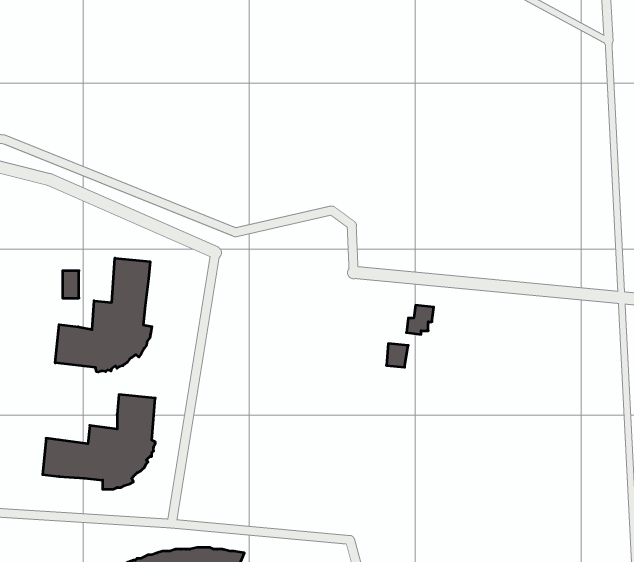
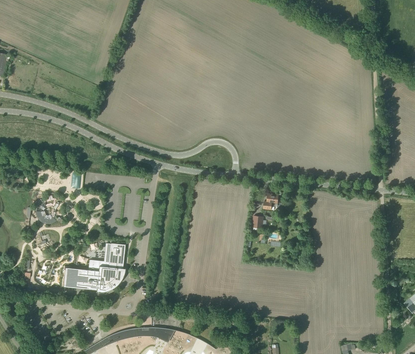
building: [55,258,152,372] -> none

